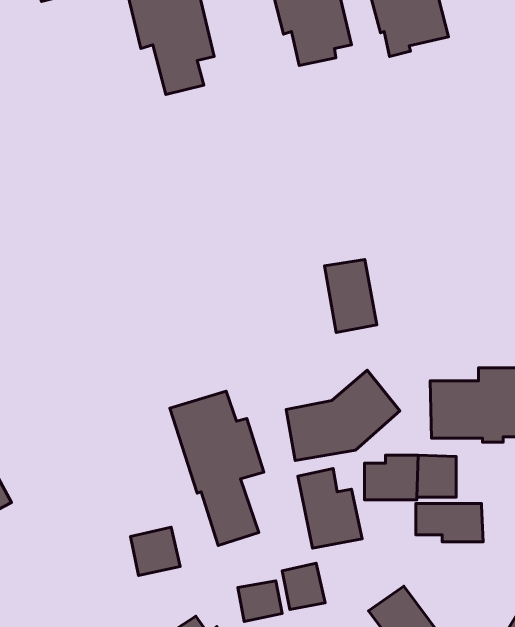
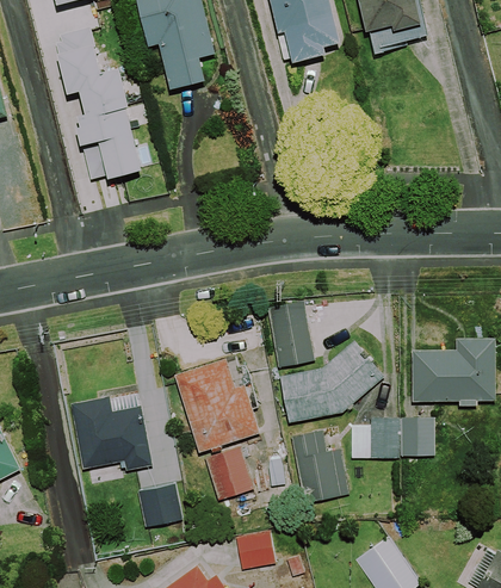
building: none -> [56,26,142,179]
building: [324,259,377,333] -> [267,301,315,367]
building: none -> [70,392,153,470]
building: [416,503,483,542] -> none
building: [282,563,325,610] -> none

